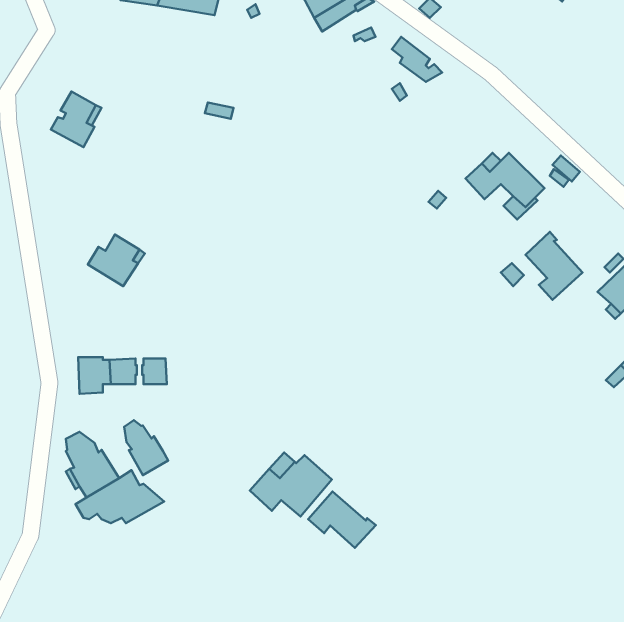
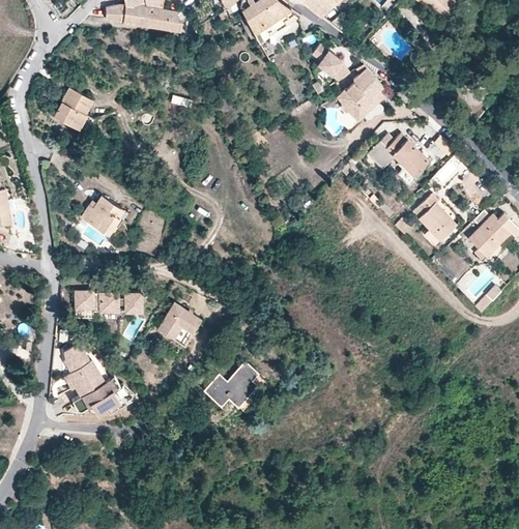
building: none -> [336,65,382,122]
building: none -> [156,303,199,346]
building: [124,420,168,475] -> none
building: [308,491,376,548] -> none

